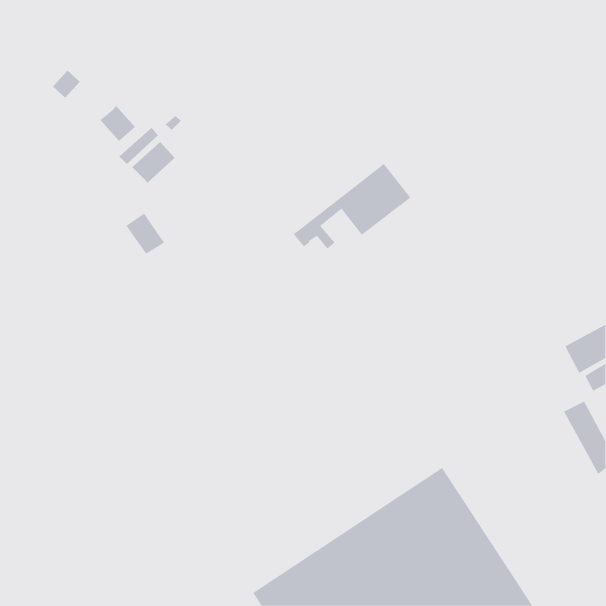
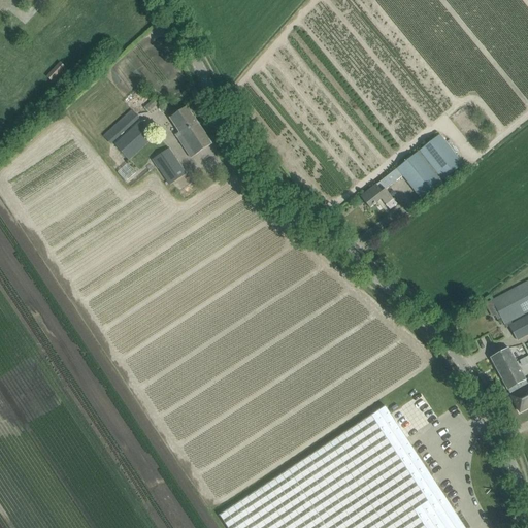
building: [100,105,136,142] -> none
building: none -> [170,106,211,158]
building: [293,163,411,250] -> [360,135,463,210]
building: [126,213,165,254] -> [152,148,186,185]

